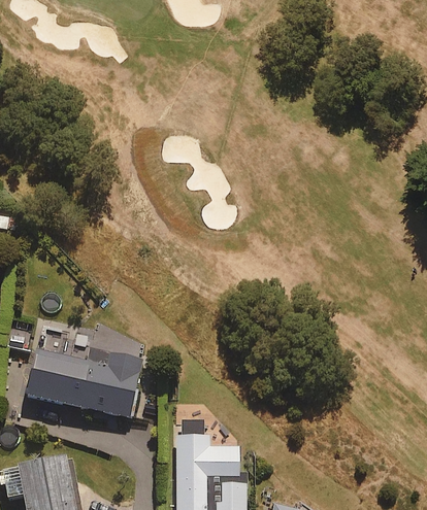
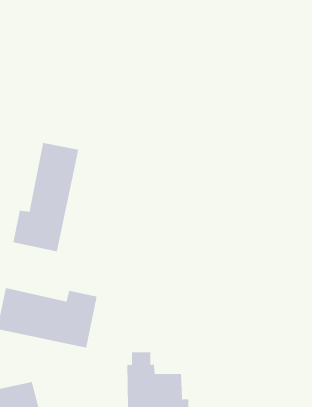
building: none -> [13,142,79,252]

